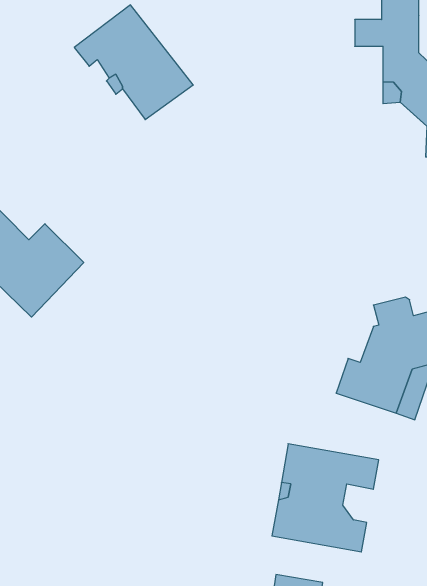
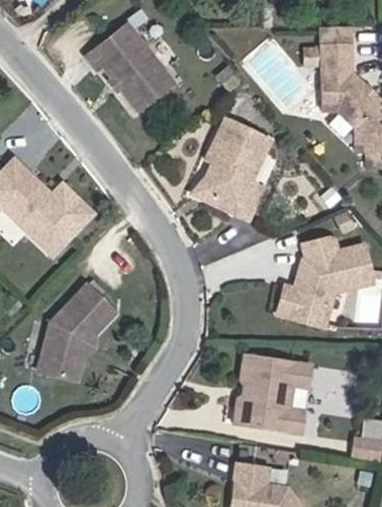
building: none -> [209,120,273,221]
building: none -> [40,278,116,378]

